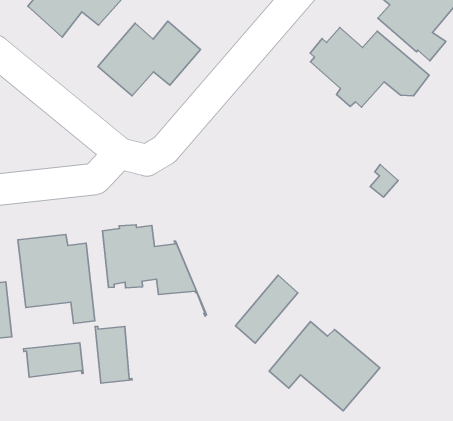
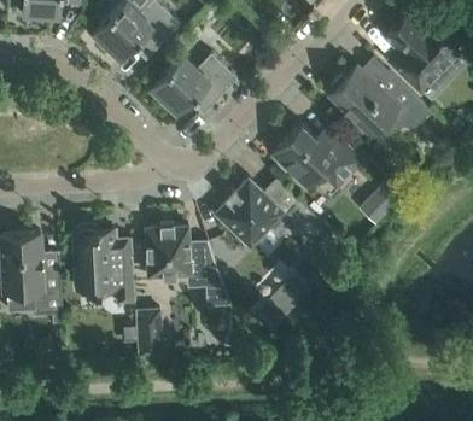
building: none -> [271,124,362,188]
building: none -> [215,179,309,247]
building: [269,321,380,411] -> none
building: [23,343,83,377] -> none

